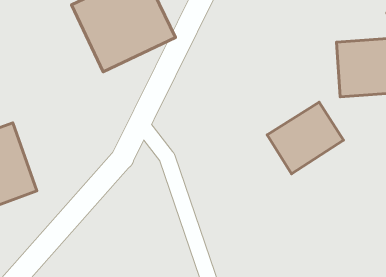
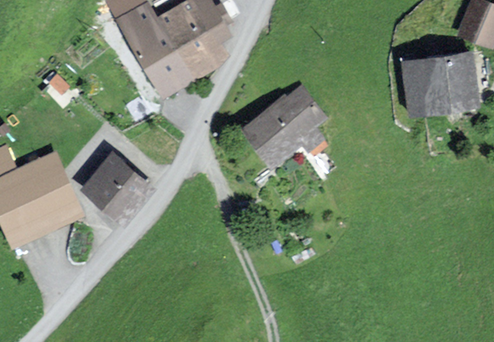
building: [267,102,343,174] -> [249,87,331,164]
building: none -> [82,151,150,216]

